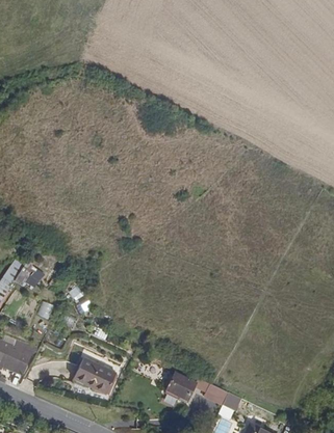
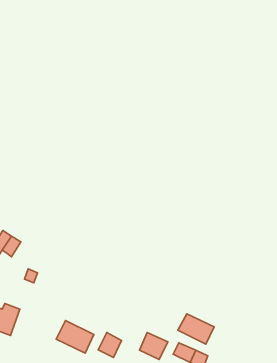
building: none -> [178,314,214,344]
building: none -> [98,333,122,357]

